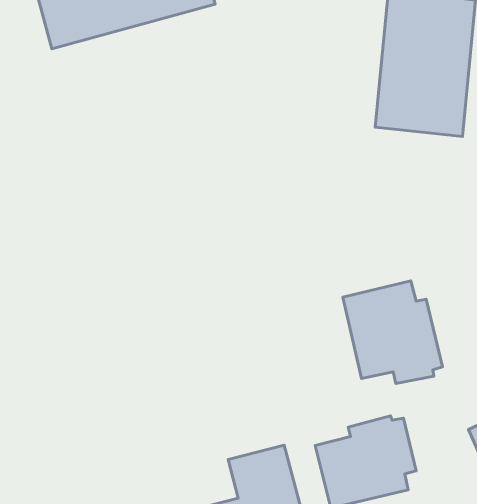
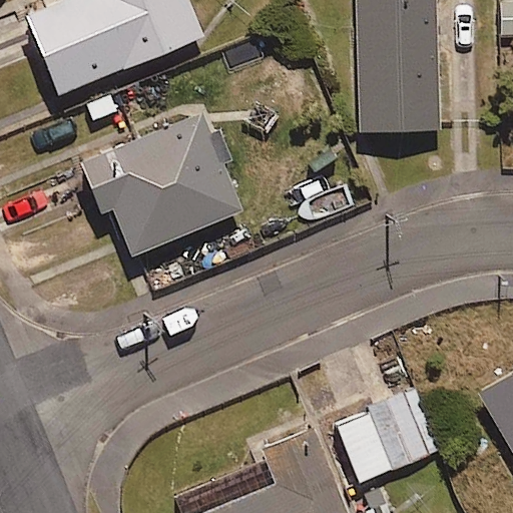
building: none -> [79,111,242,253]
building: [343,281,442,383] -> none

